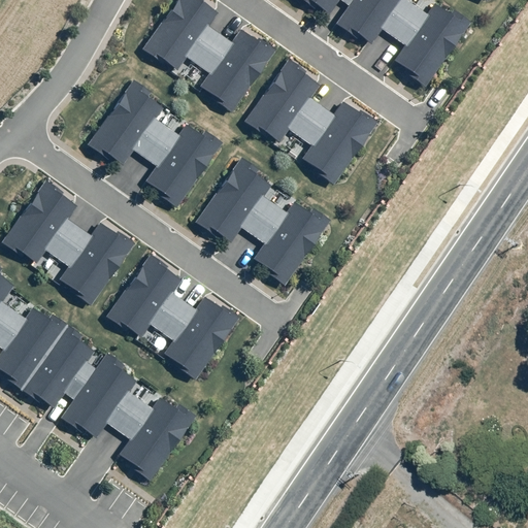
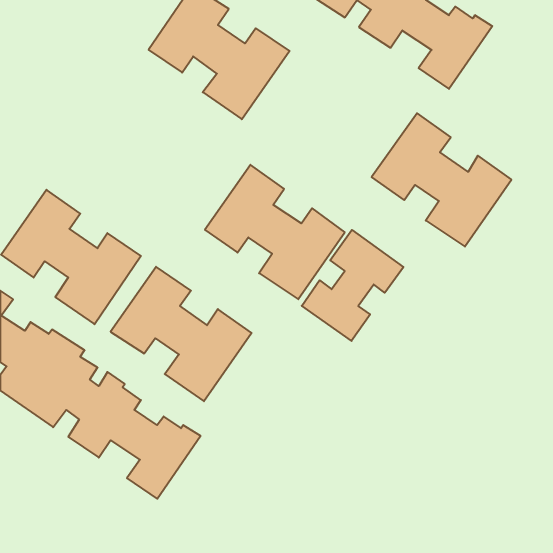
building: [244,58,377,185] -> [372,113,511,247]
building: [89,79,222,207] -> none
building: none -> [302,230,403,341]

